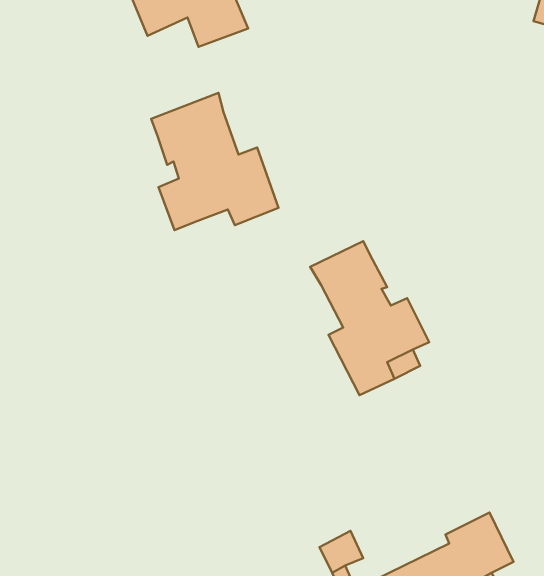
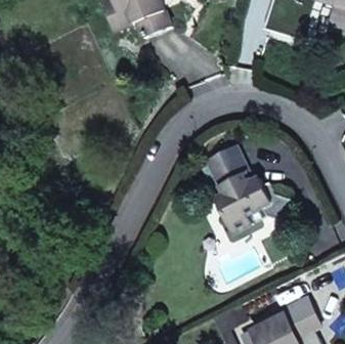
building: [151,93,279,230] -> none

